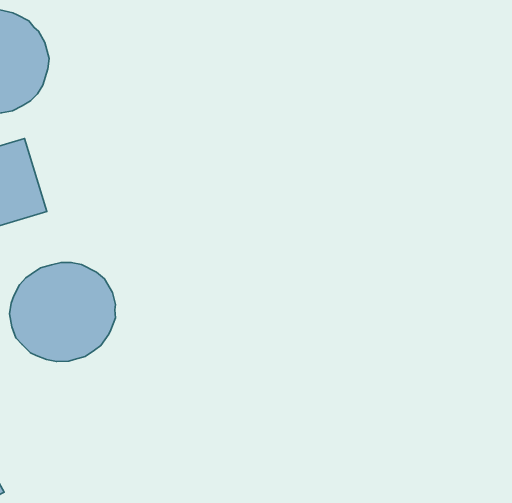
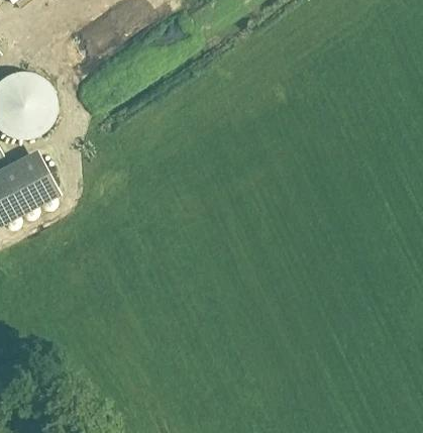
building: [10,263,116,361] -> none

